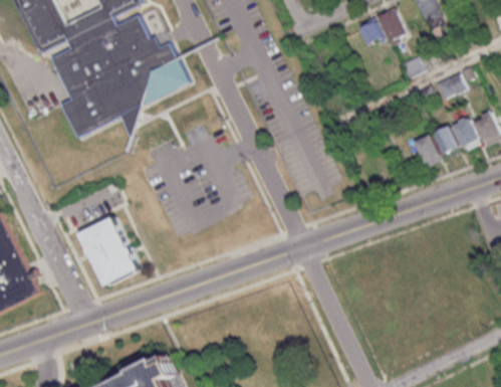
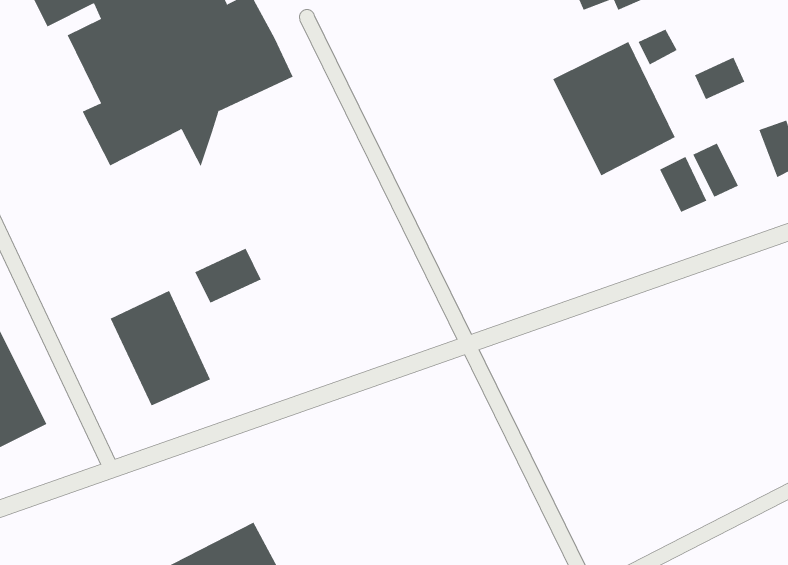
building: none -> [552,41,676,176]
building: [452,115,478,150] -> none
building: none -> [195,248,262,304]

